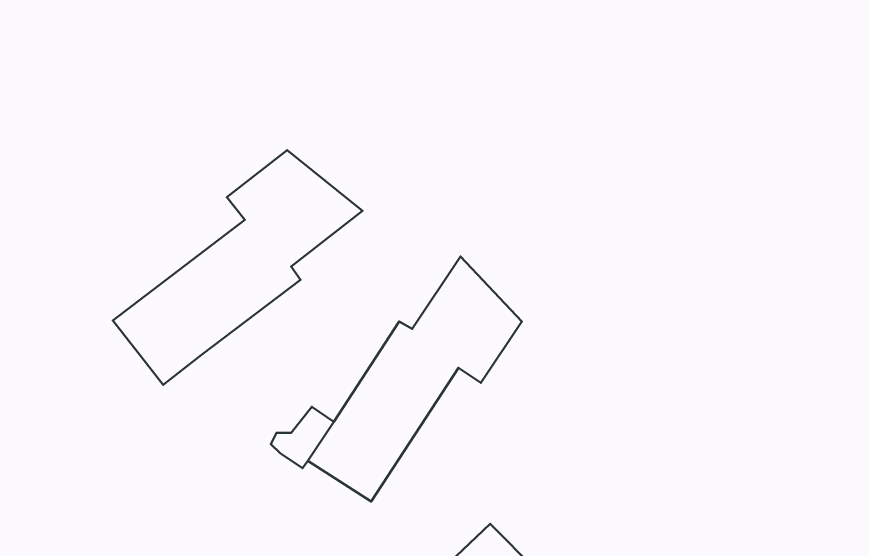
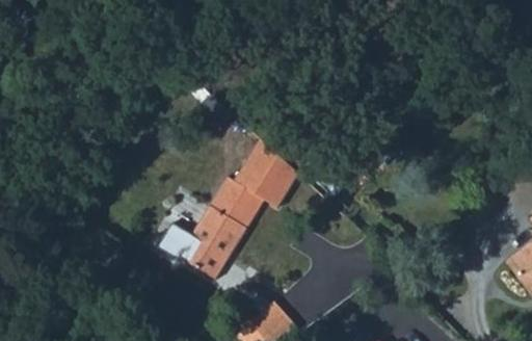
building: [113,150,363,385] -> none

